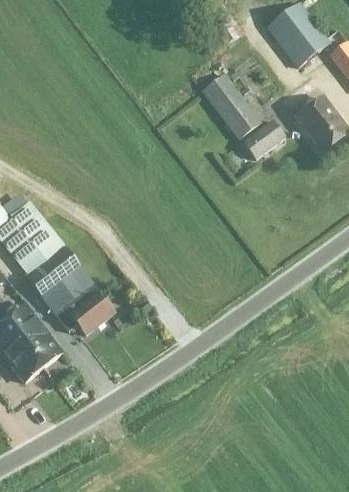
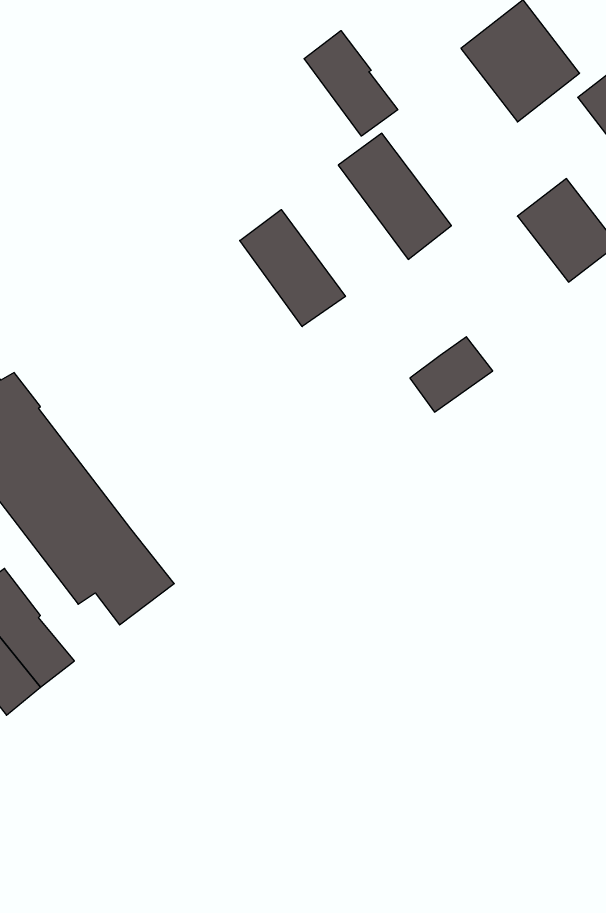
building: none -> [304,31,398,136]
building: none -> [240,210,345,327]
building: [242,118,286,158] -> [410,337,493,412]

